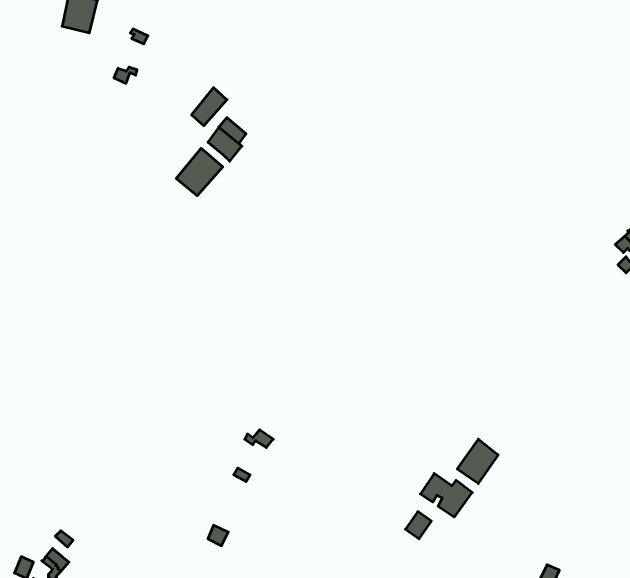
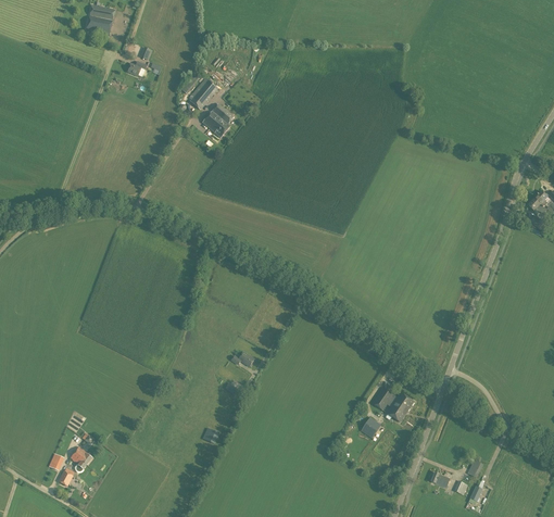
building: [176,148,223,196] -> none
building: [457,439,498,484] -> none

